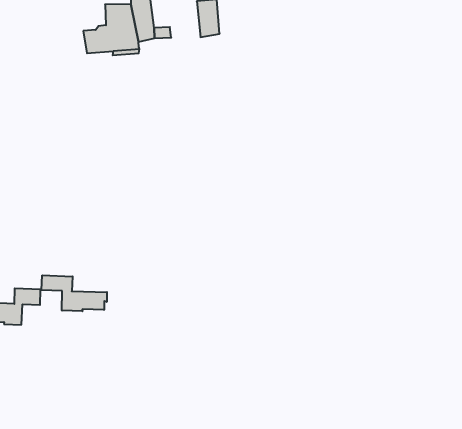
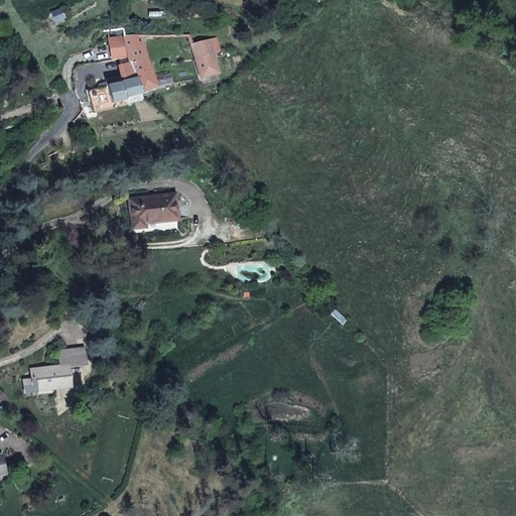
building: none -> [130,194,178,228]
building: [42,275,107,311] -> none

